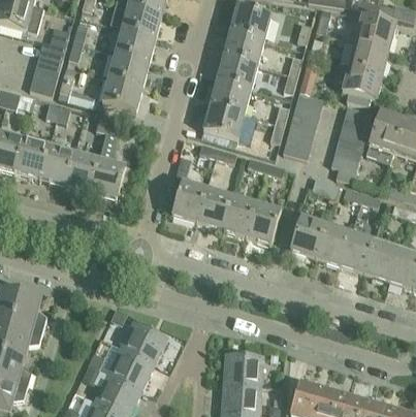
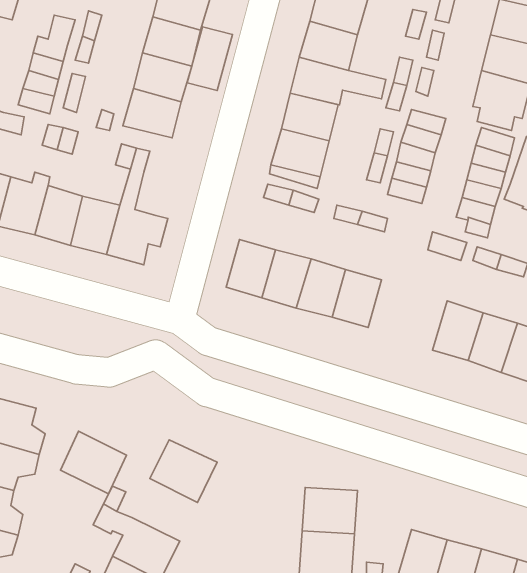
building: none -> [187,27,232,91]
building: [291,216,325,257] -> none
building: [107,346,153,389] -> [61,431,126,494]

